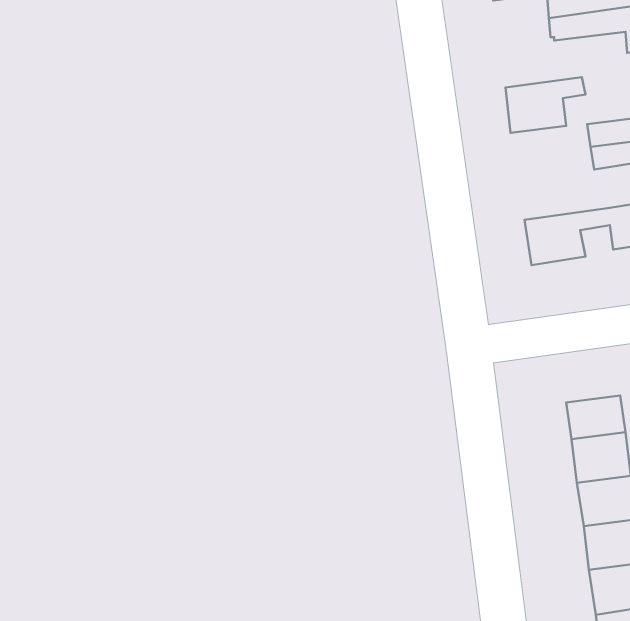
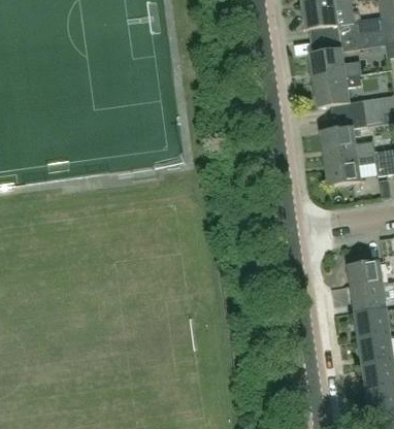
building: none -> [308,48,358,78]
building: none -> [320,127,374,157]

